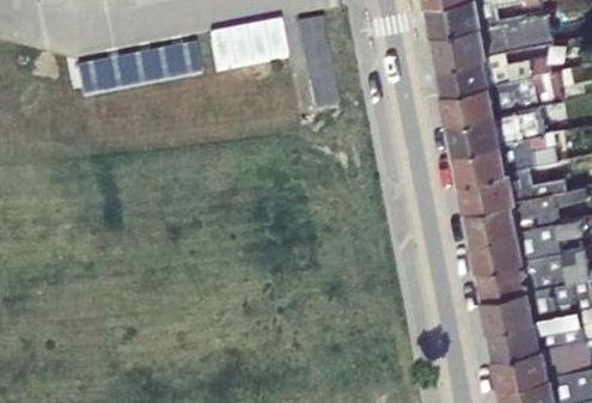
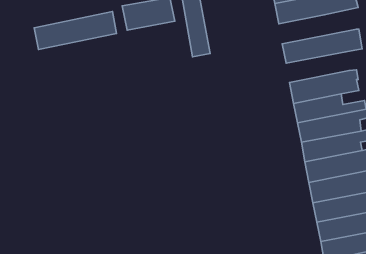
building: [434,45,549,88] -> none
building: [445,100,538,146] -> none

